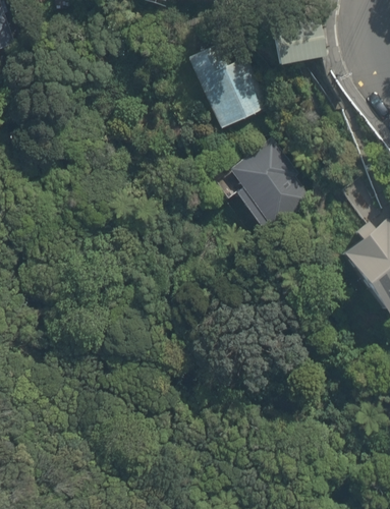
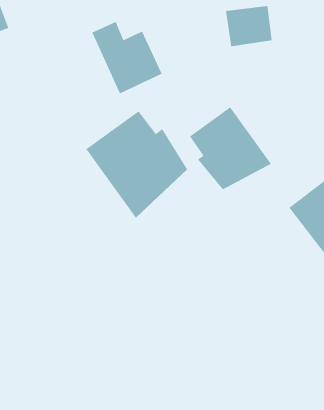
building: [188,46,271,130] -> [91,21,163,94]
building: none -> [85,111,188,219]

